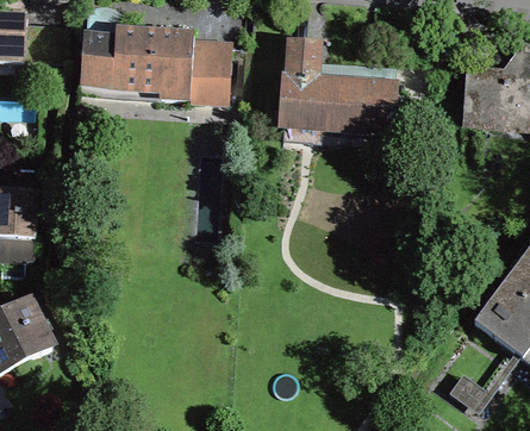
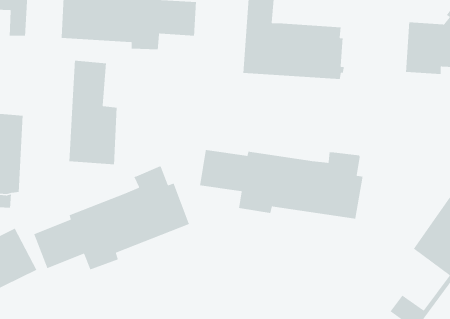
building: none -> [69,60,118,165]
building: none -> [199,149,364,219]
building: none -> [33,165,190,271]

